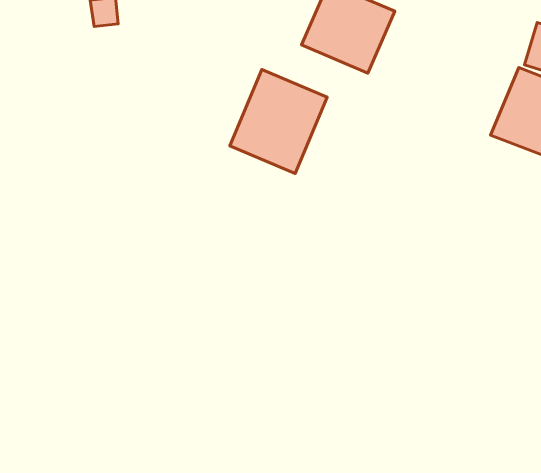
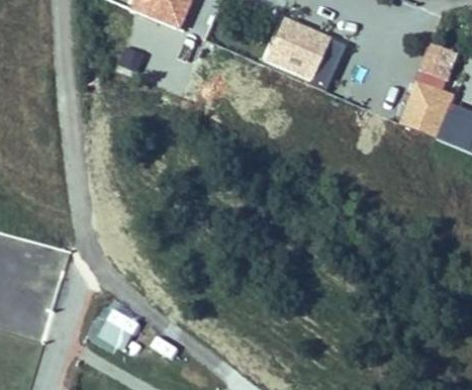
building: [230,70,327,173] -> none

